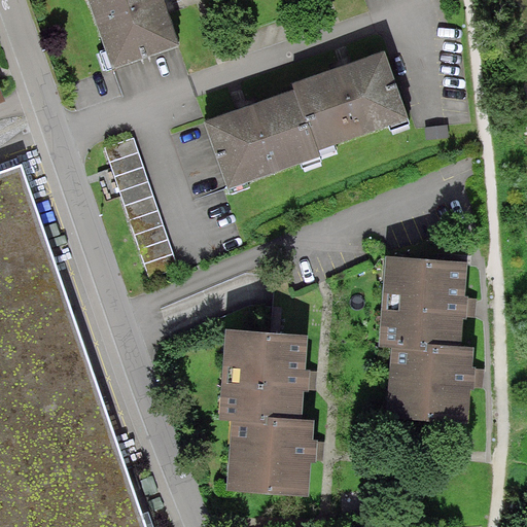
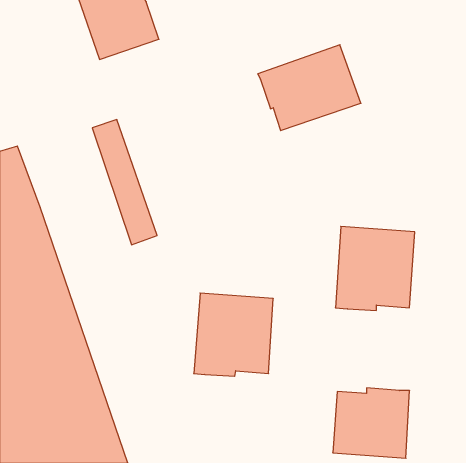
building: [203,90,318,188] -> none
building: [386,344,472,423] -> [333,388,410,458]
building: [226,418,313,497] -> none

